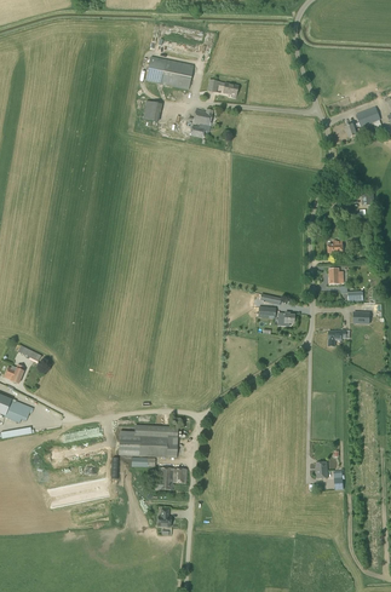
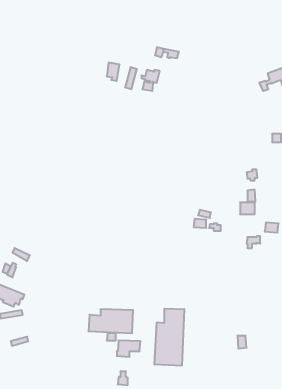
building: [144,56,192,90] -> none
building: none -> [155,309,184,366]

